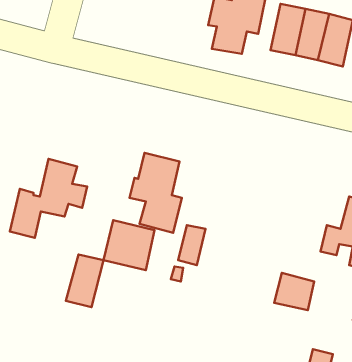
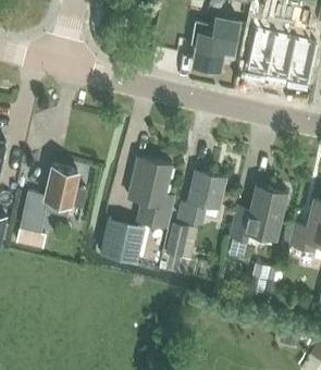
building: none -> [177,169,224,223]
building: none -> [229,184,287,239]
building: [66,255,103,307] -> none

